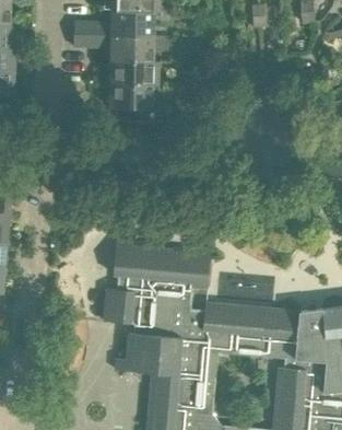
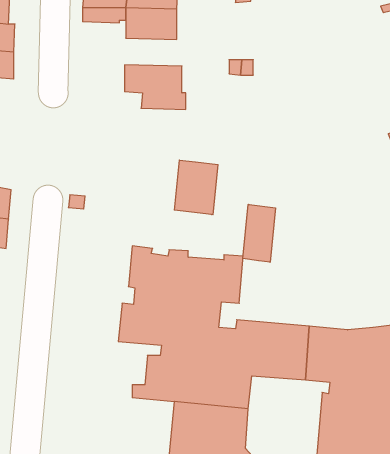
building: [108,61,157,85] -> none
building: none -> [174,160,218,215]
building: none -> [243,204,275,262]

